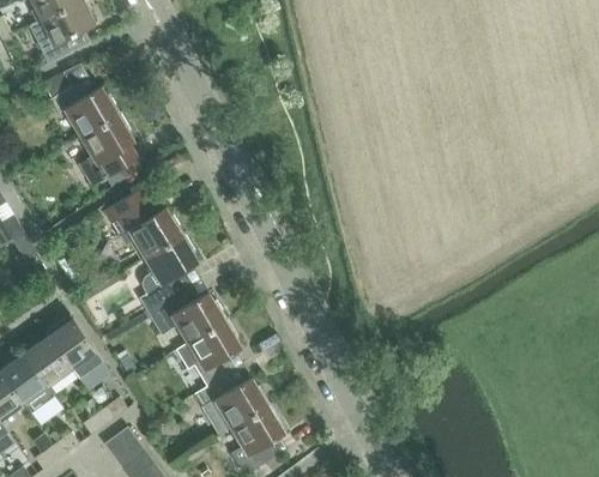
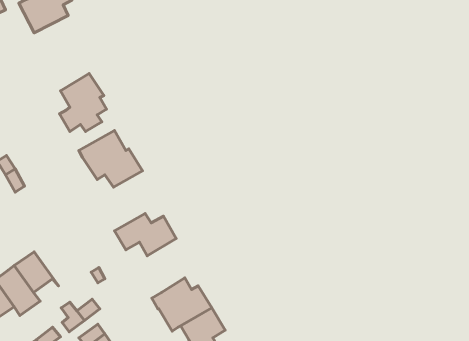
building: [41,59,116,137] -> none
building: [140,236,199,310] -> none
building: [47,319,102,379] -> none
building: [176,320,241,387] -> none

